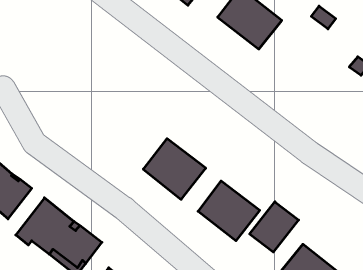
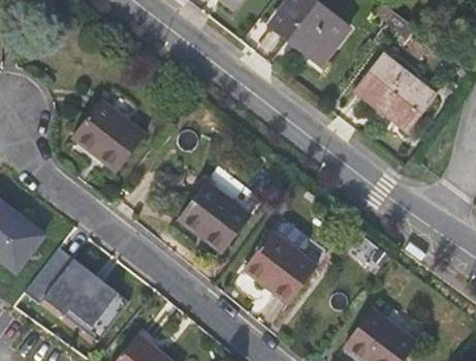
building: none -> [352,54,435,133]
building: none -> [73,95,149,170]
building: [250,202,299,252] -> none

